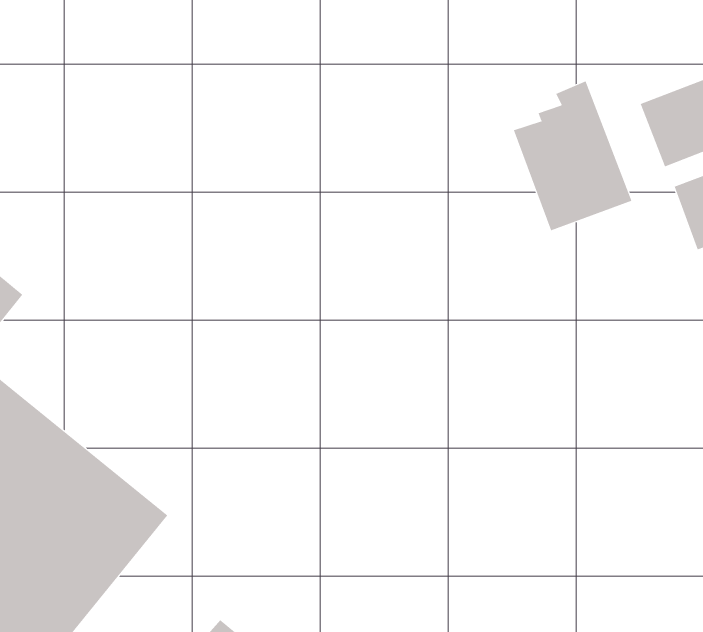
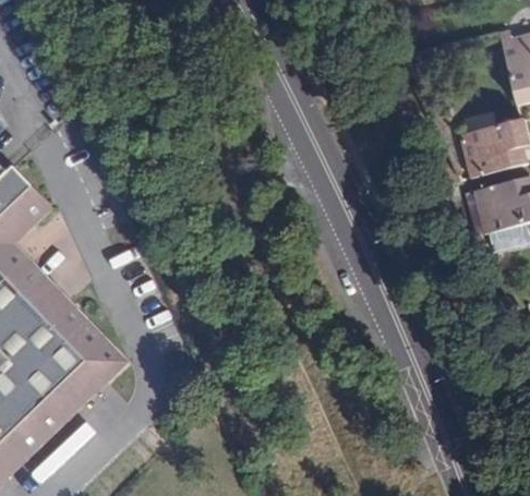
building: [513,80,632,231] -> none

